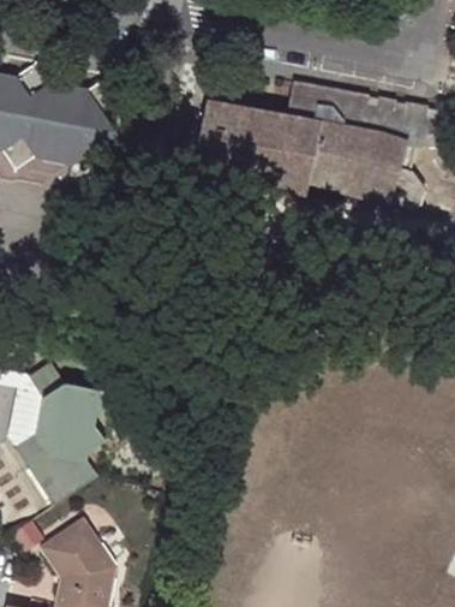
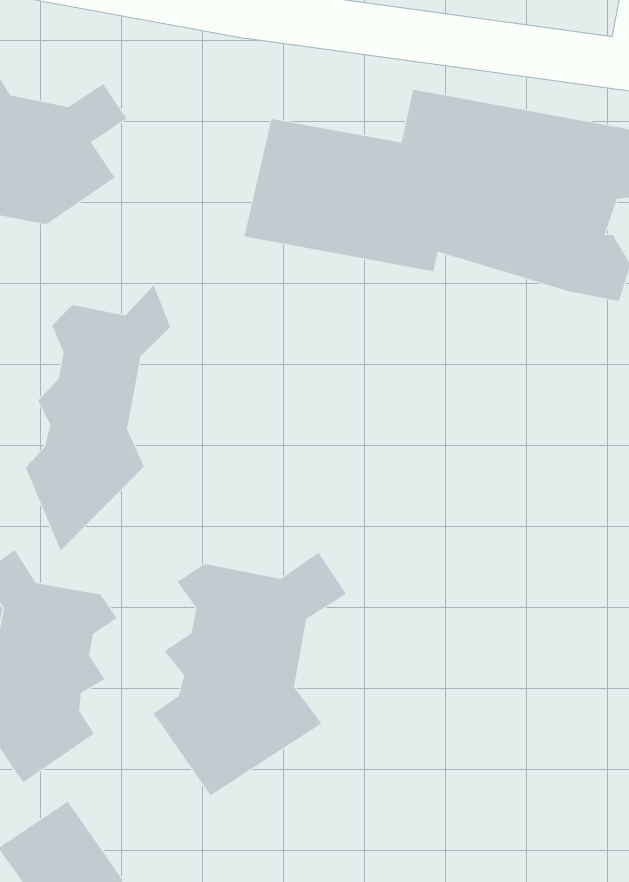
building: none -> [24,284,171,551]
building: none -> [151,552,347,796]

